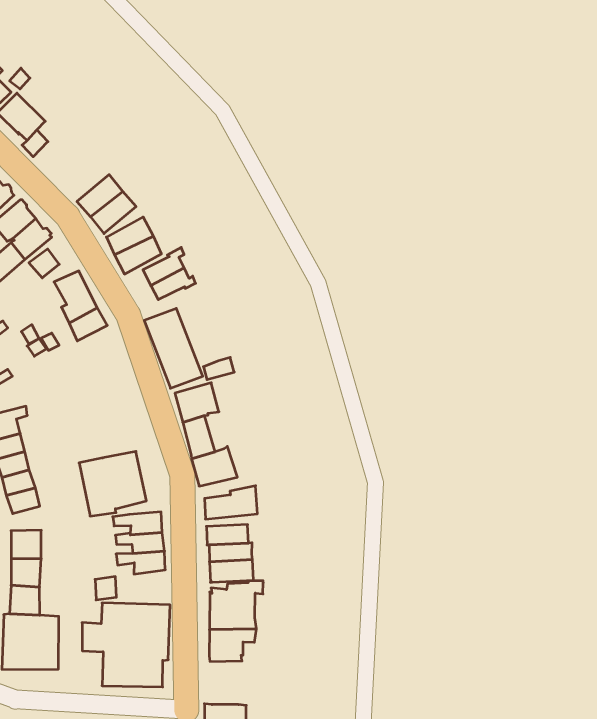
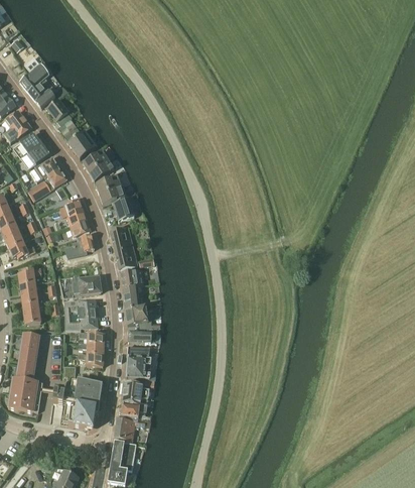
building: none -> [67,129,96,157]
building: none -> [65,233,94,258]
building: none -> [59,275,101,297]
building: none -> [114,416,145,443]

